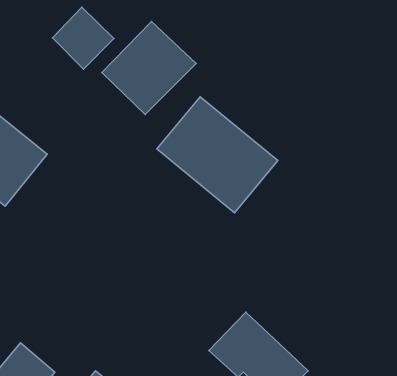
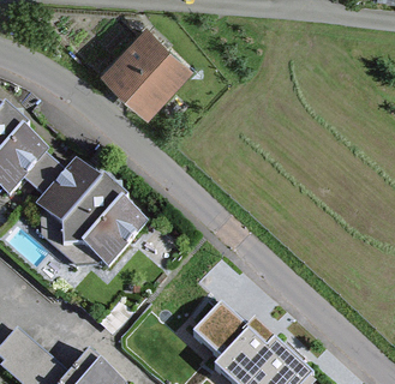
building: [53,7,114,69] -> none
building: [157,97,278,213] -> [28,166,142,275]

